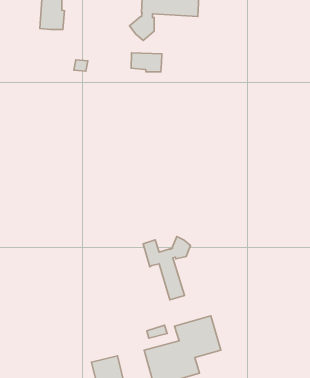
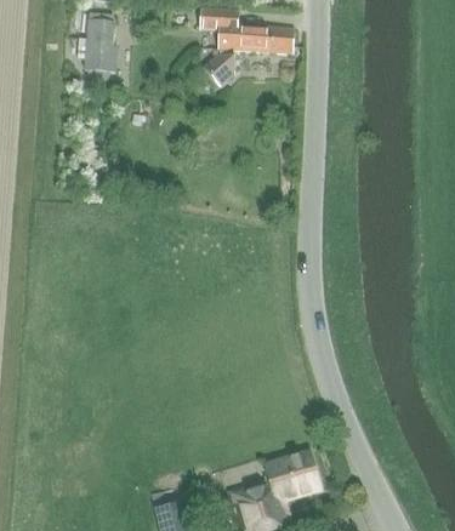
building: [131,53,162,72] -> none
building: [143,236,191,300] -> none

